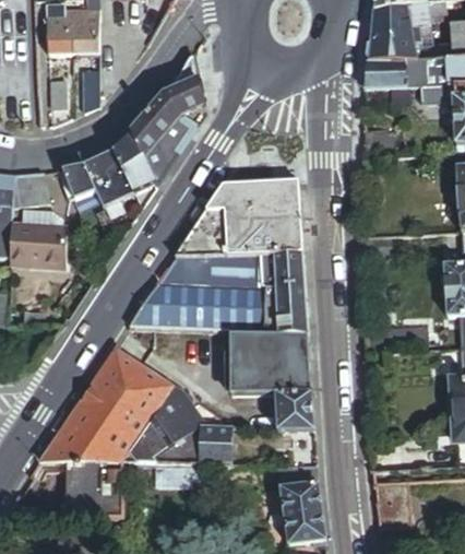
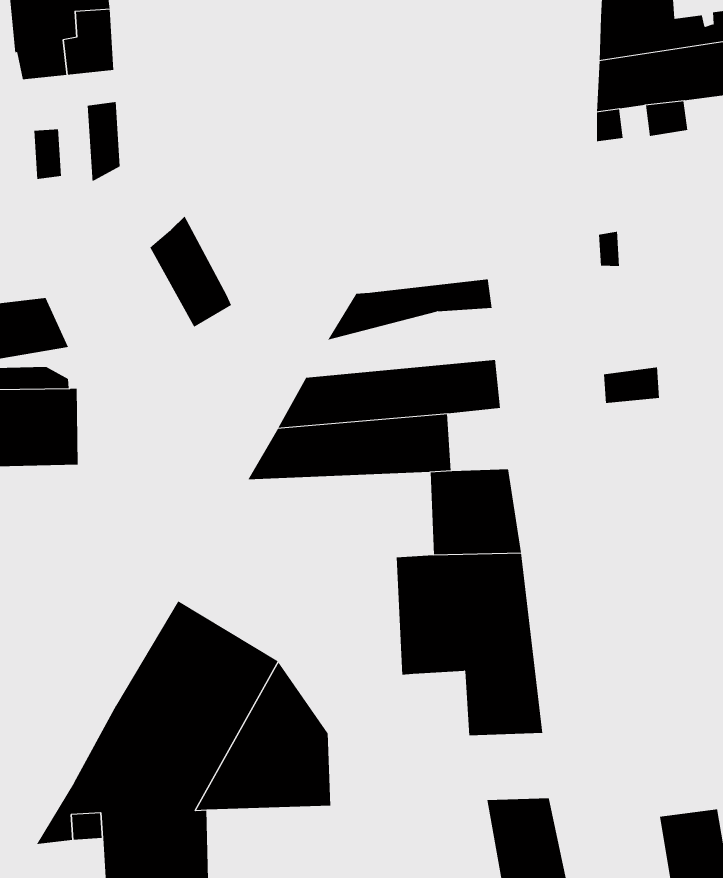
building: [134,51,205,184] -> none
building: [62,148,135,208] -> none
building: [195,193,301,225] -> none
building: [273,249,305,283] -> none
building: [129,280,261,328] -> none
building: [194,423,224,464] -> none

